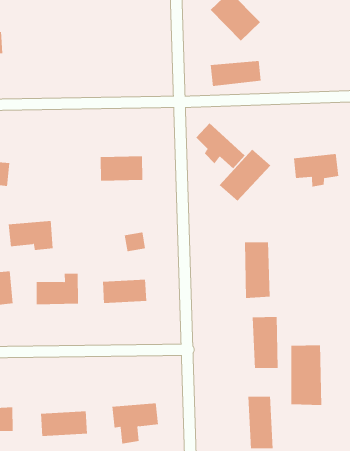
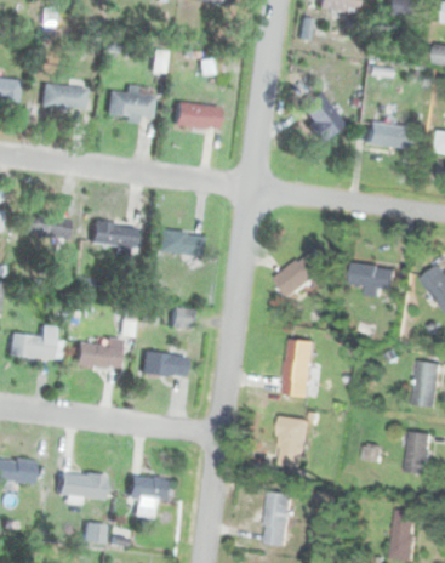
building: none -> [105,86,153,119]
building: none -> [172,103,219,131]
building: [210,60,261,87] -> [365,121,416,146]
building: [195,122,245,169] -> none
building: [8,221,54,250] -> [91,222,136,254]
building: [291,345,322,406] -> none

